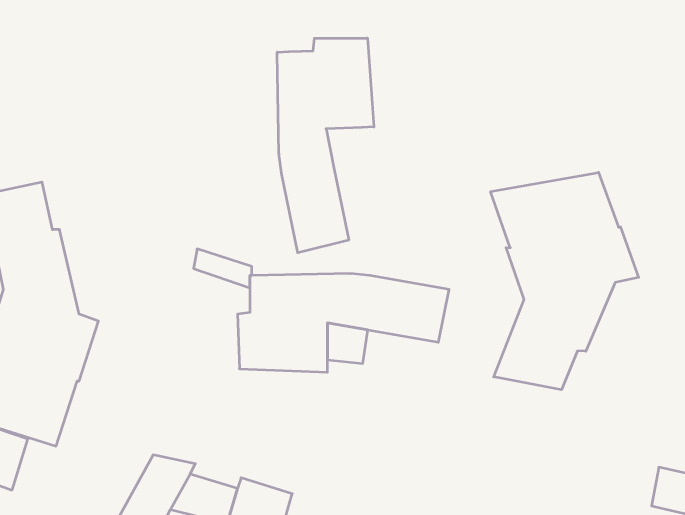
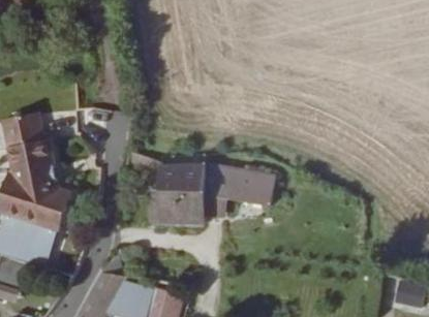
building: [277,38,374,253] -> none
building: [491,172,639,390] -> none

